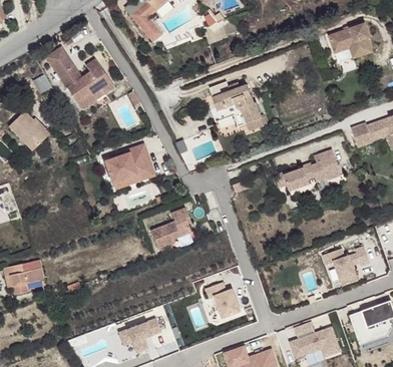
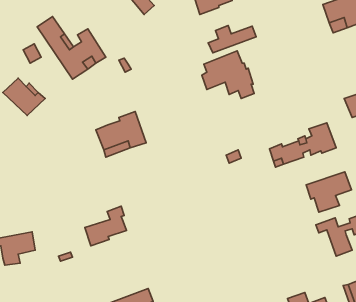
building: none -> [208,26,256,53]
building: none -> [306,172,351,212]
building: [144,205,185,244] -> [85,206,126,246]
building: [207,282,242,317] -> none

